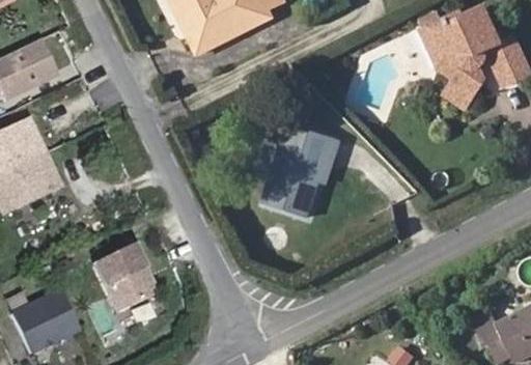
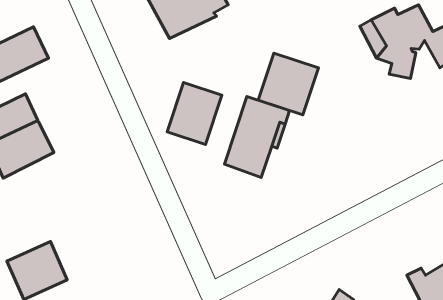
building: none -> [258,53,318,115]
building: none -> [167,82,222,145]
building: [92,245,158,314] -> none

